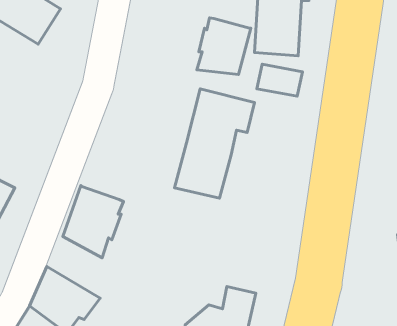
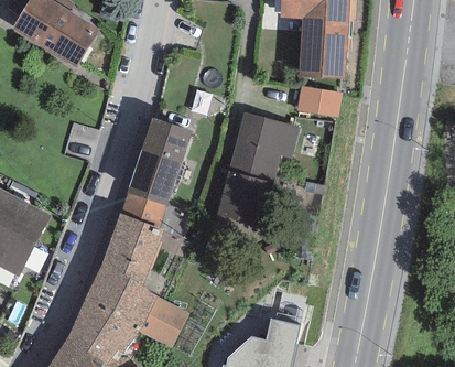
building: [197,18,251,75] -> none
building: none -> [120,117,192,227]
building: none -> [84,266,188,347]

